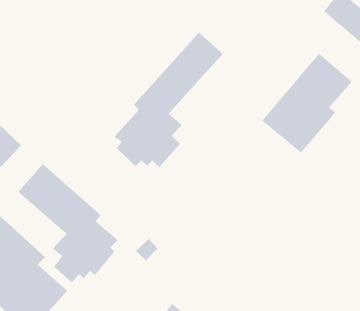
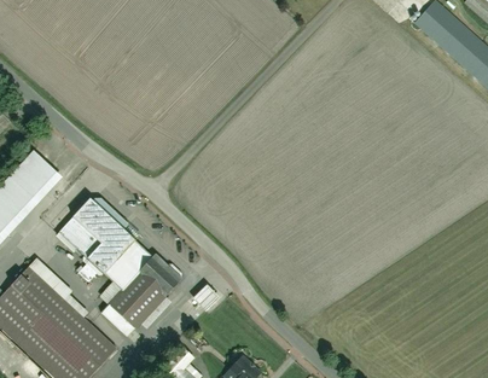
building: [114,32,223,168] -> none
building: [262,53,352,153] -> none

